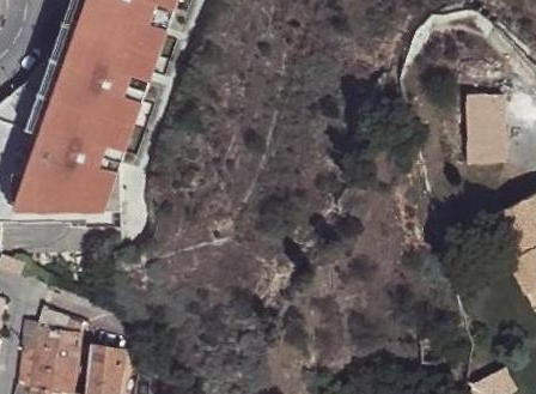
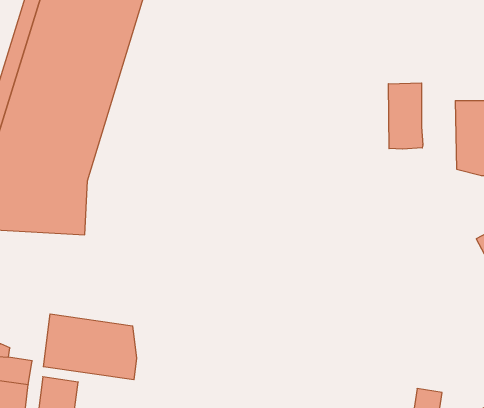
building: none -> [388,83,423,149]
building: none -> [43,314,137,380]

